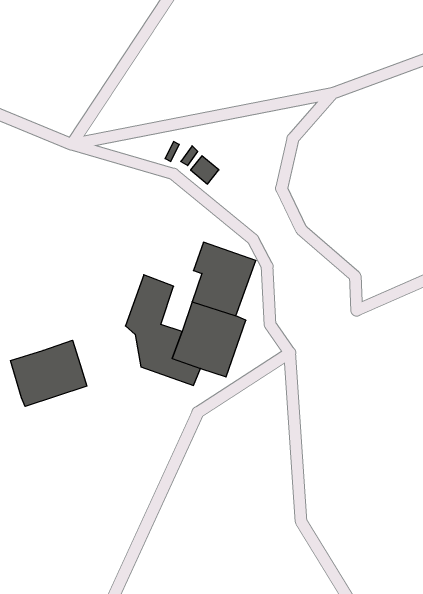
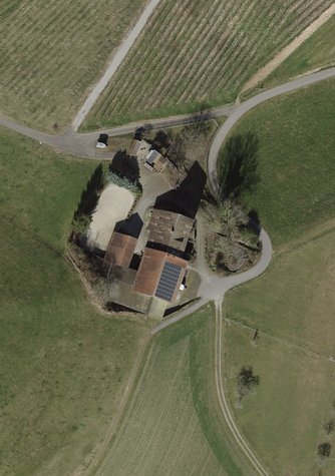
building: [10,340,87,406] -> none

